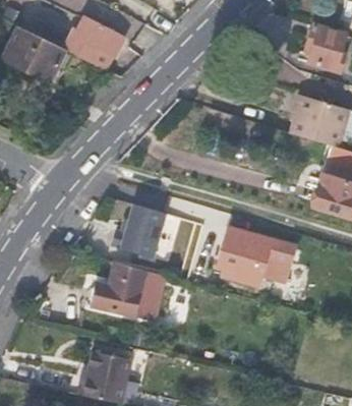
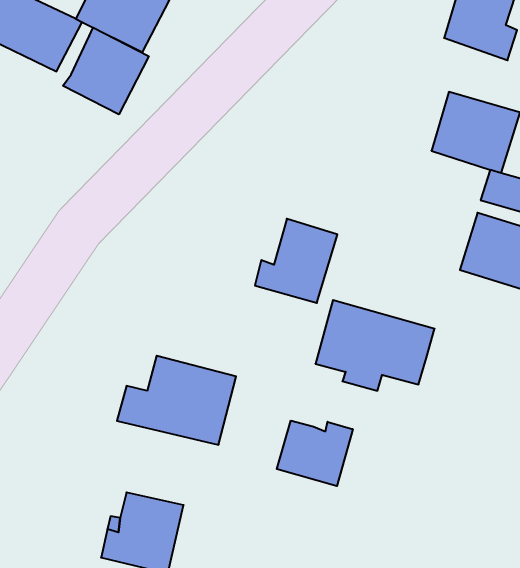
building: none -> [63,28,149,114]
building: [111,204,164,257] -> [255,219,337,303]
building: none -> [277,421,353,486]

